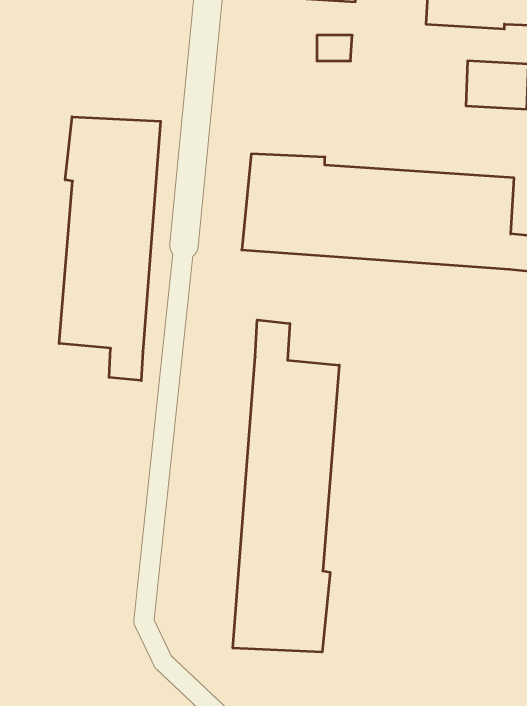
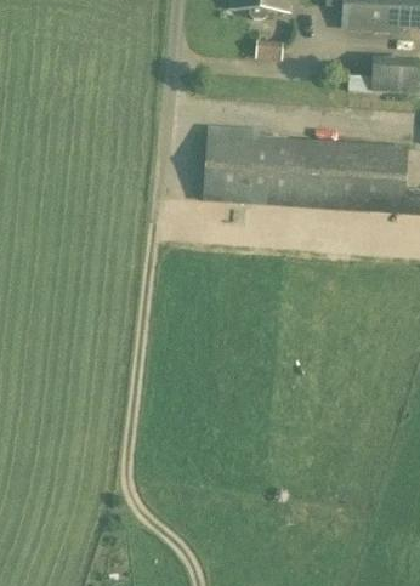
building: [59,117,161,381] -> none
building: [233,320,339,652] -> none

